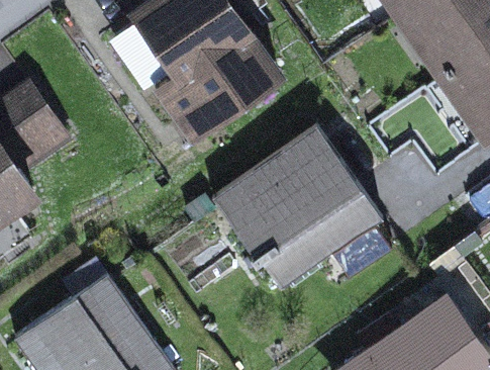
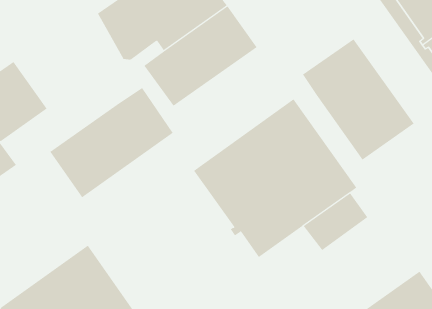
building: none -> [302,39,414,161]
building: none -> [49,87,174,198]

